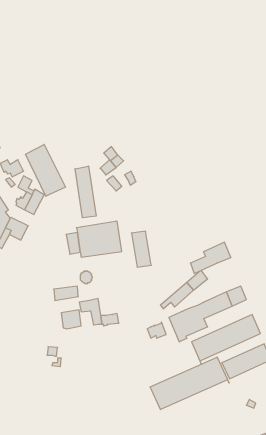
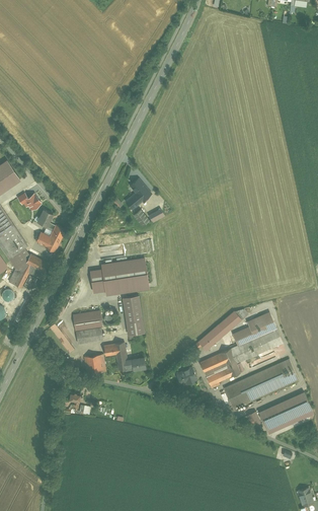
building: [25,144,65,196] -> none
building: [75,166,96,218] -> none
building: [131,231,151,267] -> [123,295,144,334]
building: [190,242,231,273] -> [233,311,276,345]
building: none -> [73,310,102,331]
building: [150,357,229,410] -> none

